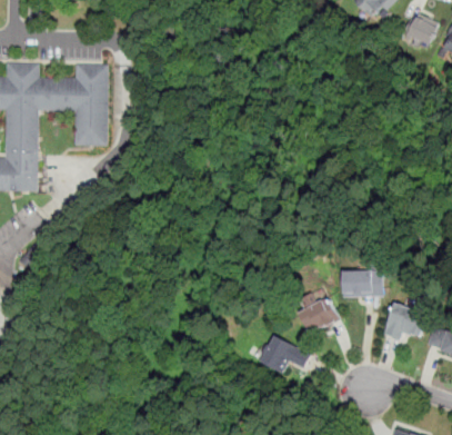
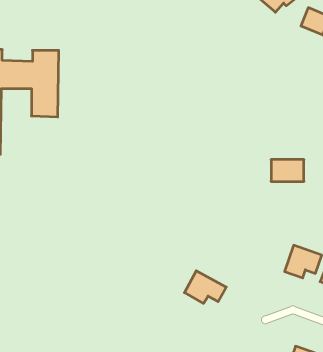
building: [342,269,382,296] -> [271,160,304,181]
building: [299,296,340,335] -> none

